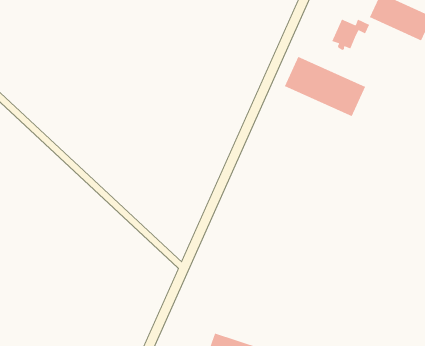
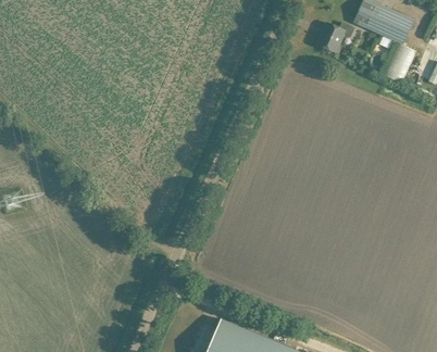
building: [284,56,366,117] -> none

